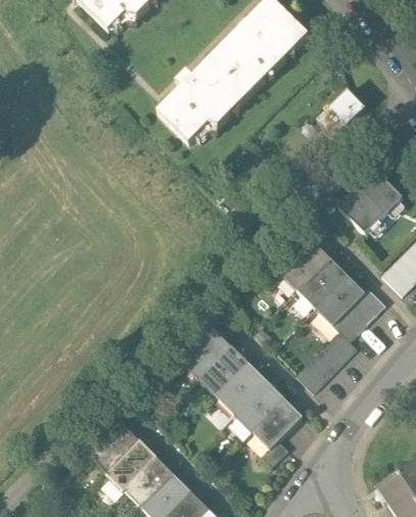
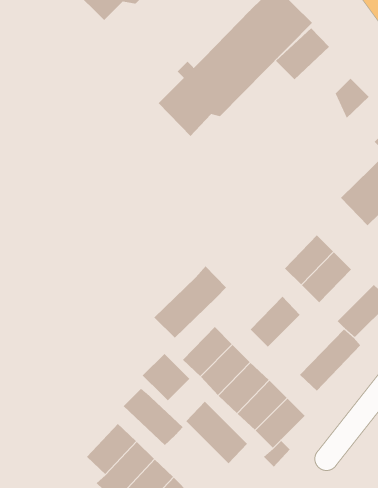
building: none -> [275,28,330,80]
building: none -> [153,265,227,338]
building: [316,274,365,324] -> [250,296,300,347]
building: none -> [142,353,190,401]
building: none -> [123,388,183,446]
building: none -> [185,401,248,464]

